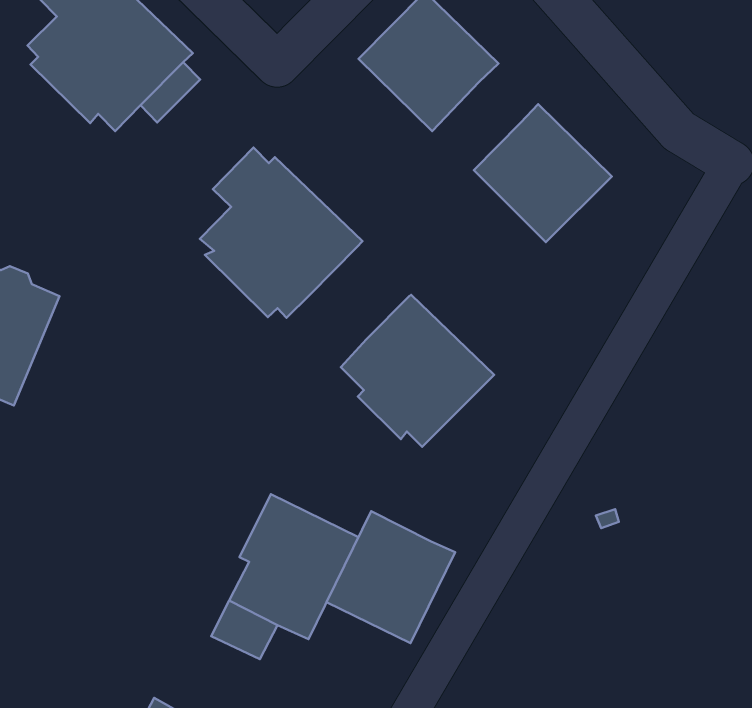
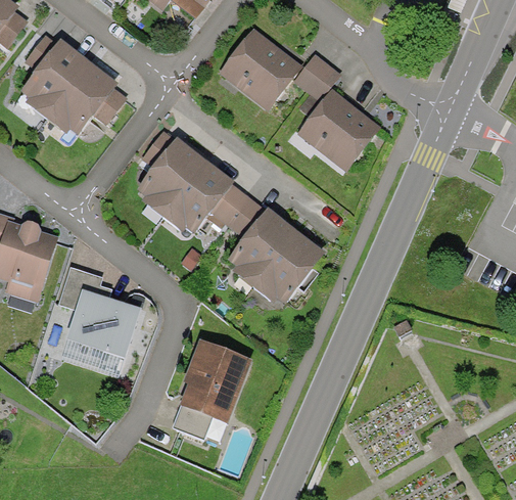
building: none -> [292,52,340,100]
building: none -> [206,186,266,240]
building: none -> [58,268,140,378]
building: [327,511,455,643] -> none

